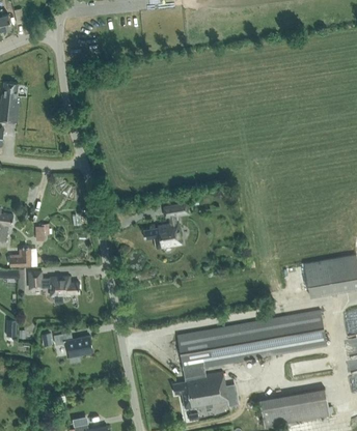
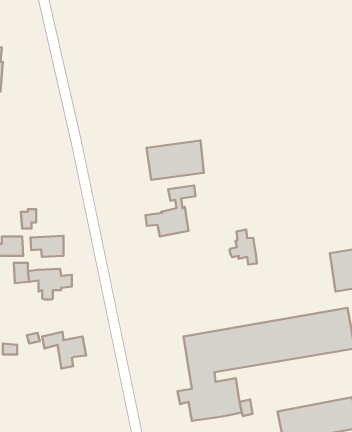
building: none -> [147,140,204,180]
building: none -> [229,229,257,265]
building: none -> [30,236,64,257]

